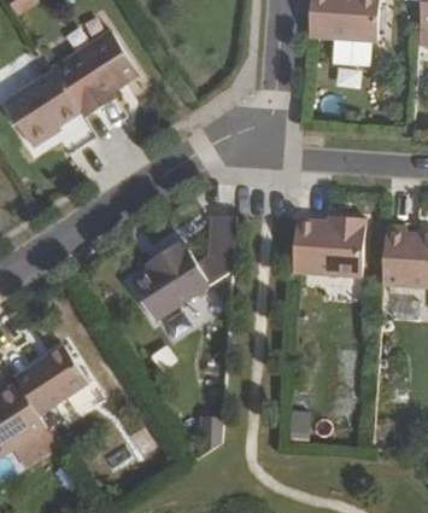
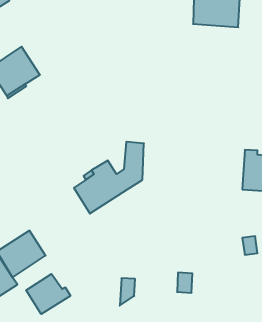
building: [51,31,139,119] -> none
building: [292,217,365,278] -> none
building: none -> [26,274,70,314]

